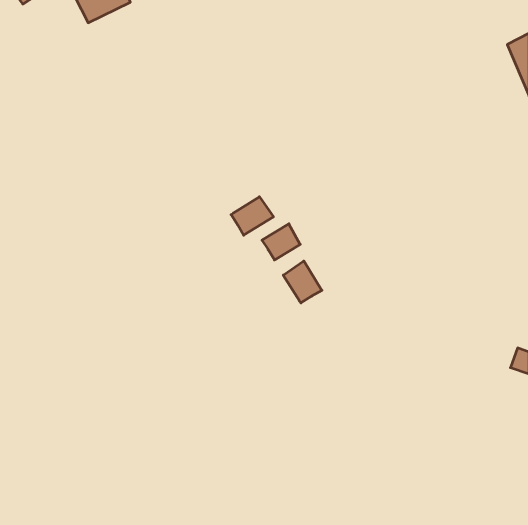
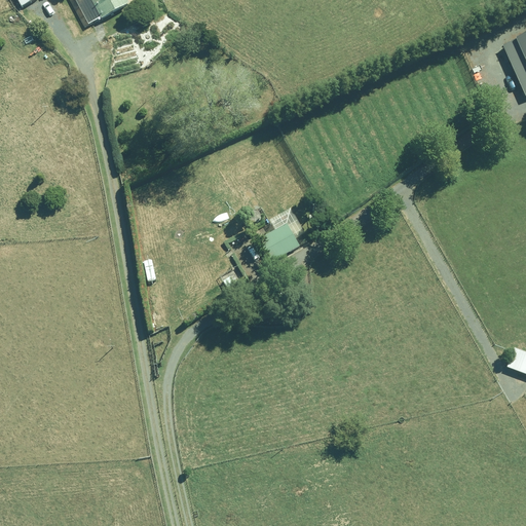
building: [231,197,273,235] -> none
building: [283,261,322,303] -> none

